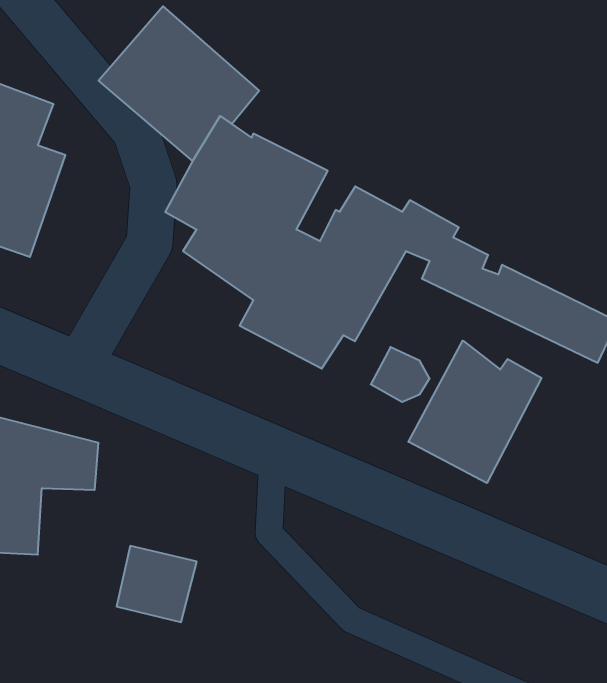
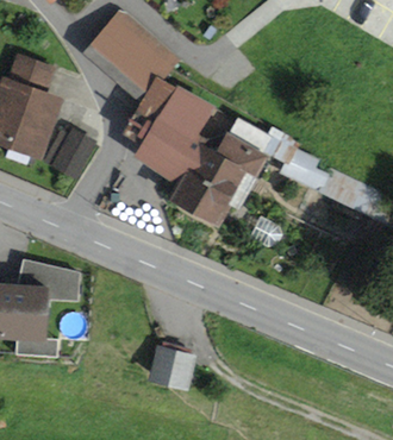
building: none -> [43,125,98,178]
building: [408,341,541,483] -> none
building: [117,546,197,622] -> [148,345,197,391]

